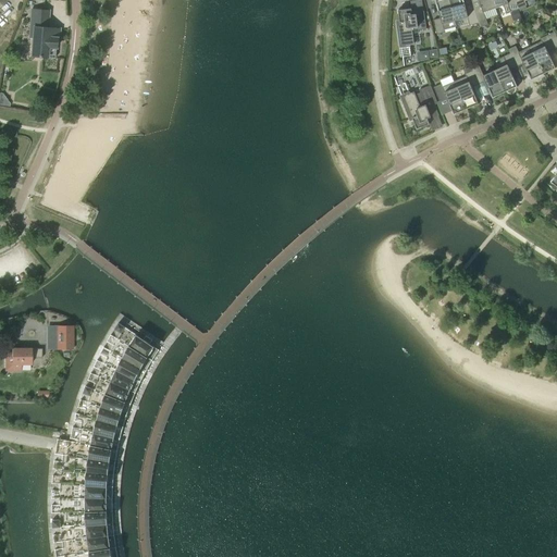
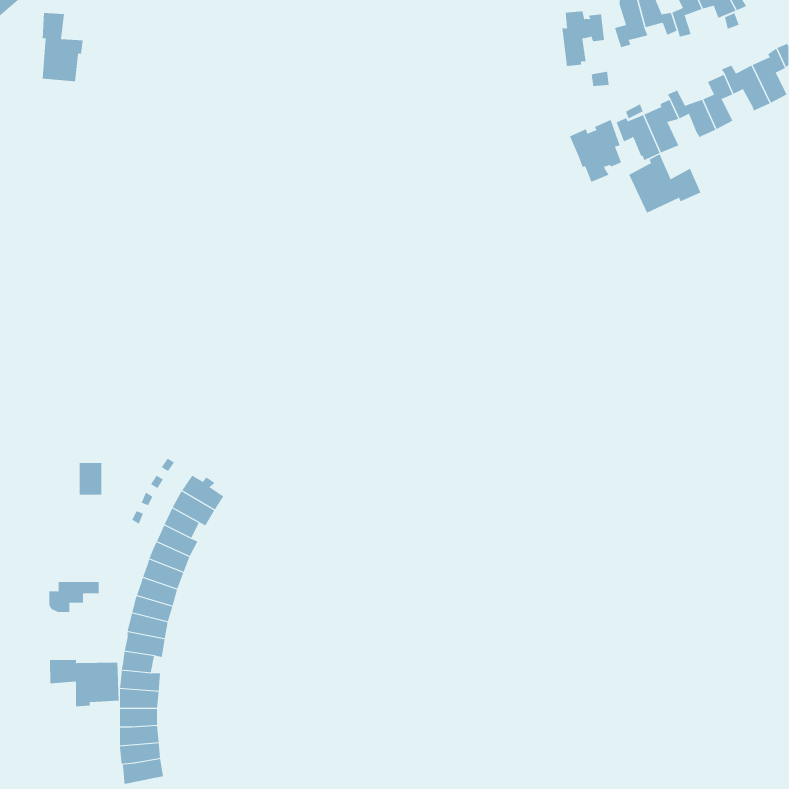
building: none -> [629,154,701,213]
building: [4,348,40,370] -> [48,582,99,613]
building: none -> [49,659,119,707]

